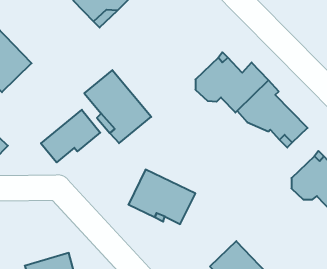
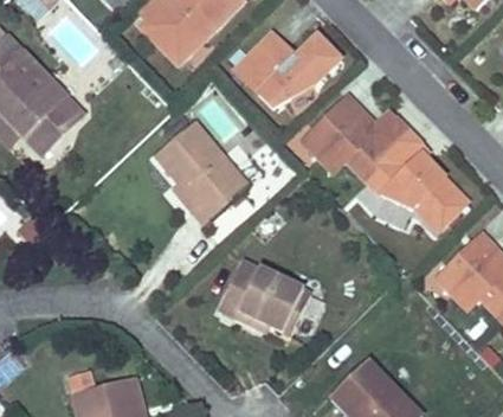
building: none -> [237,33,334,104]
building: [41,110,100,162] -> none

